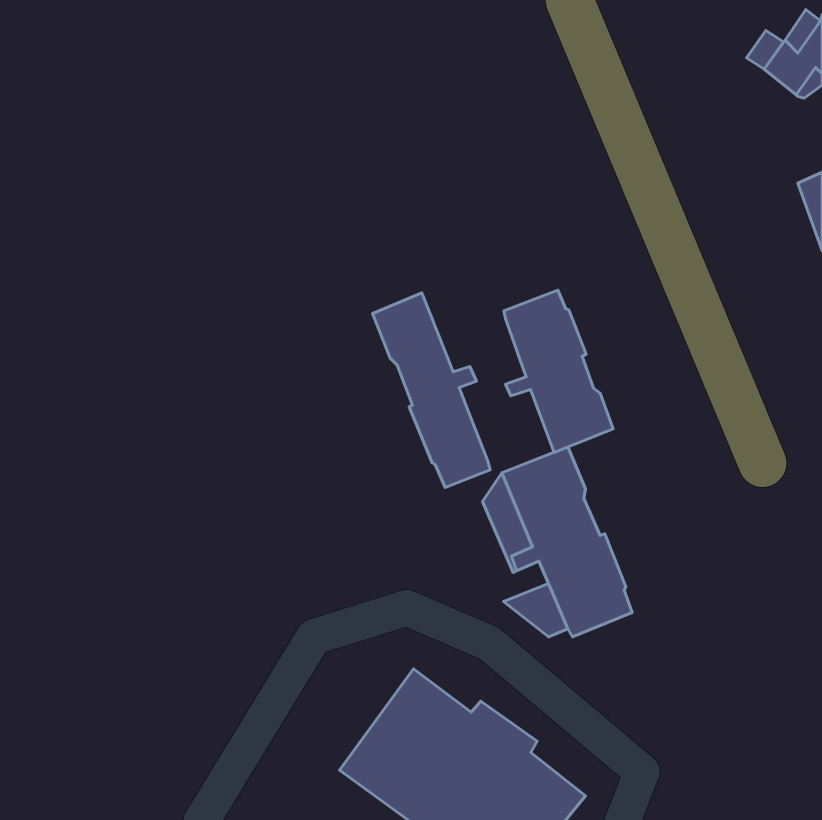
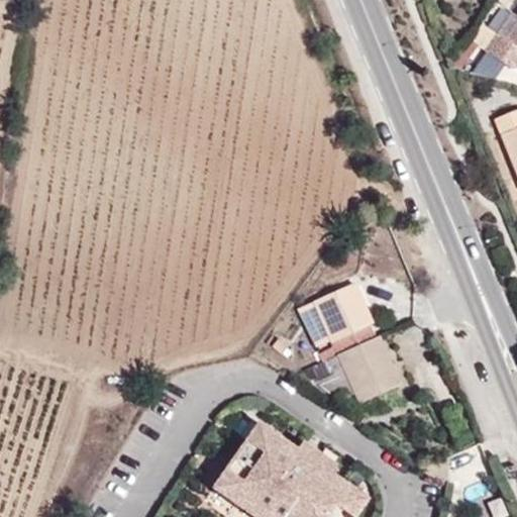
building: [504,290,613,452] -> none
building: [373,293,490,488] -> none

